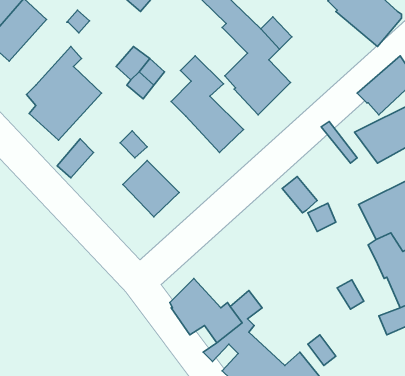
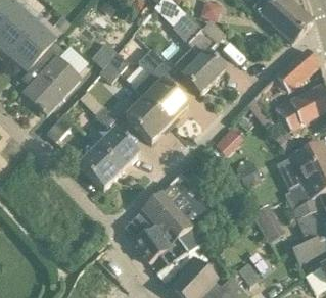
building: none -> [9,21,58,71]
building: none -> [124,95,170,142]
building: none -> [79,147,120,189]
building: none -> [142,171,214,241]

